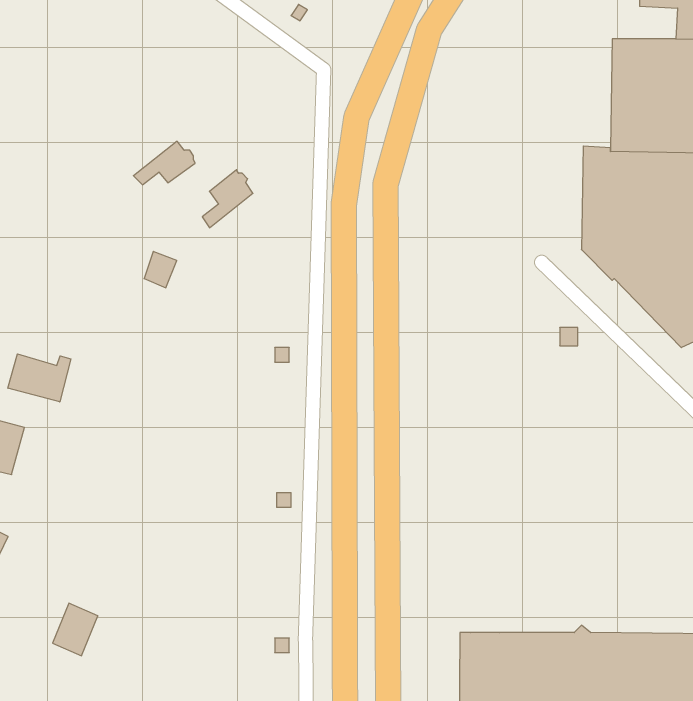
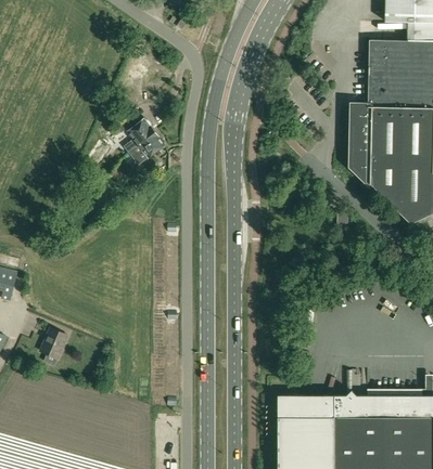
building: [133,141,195,185] -> [128,132,165,158]
building: [8,354,71,402] -> none
building: [53,603,98,656] -> [41,327,68,359]

